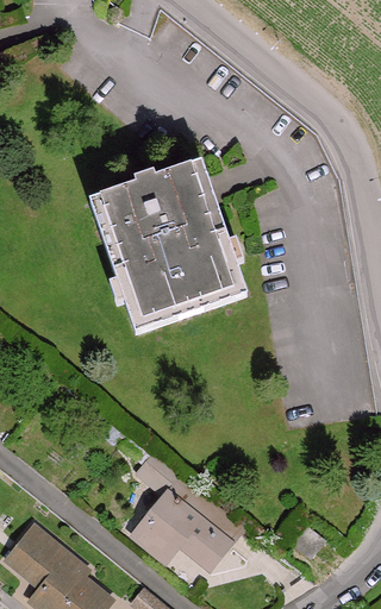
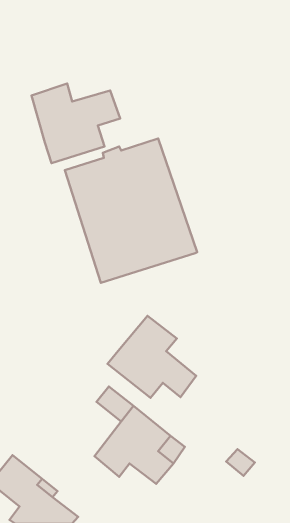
building: none -> [31,84,120,163]
building: none -> [108,316,196,398]

